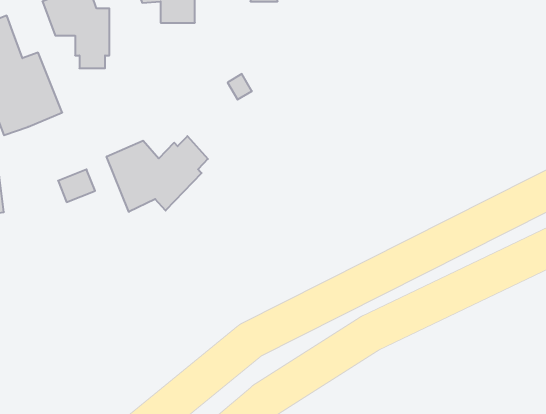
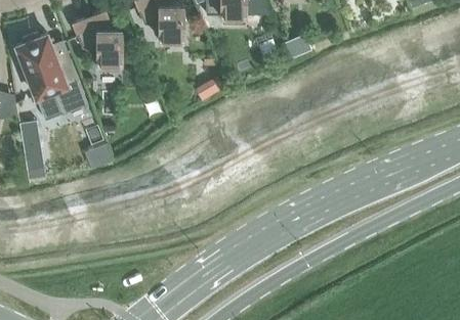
building: [107,136,208,212] -> none

